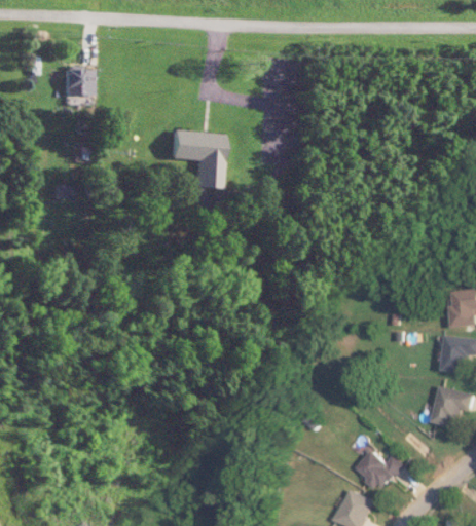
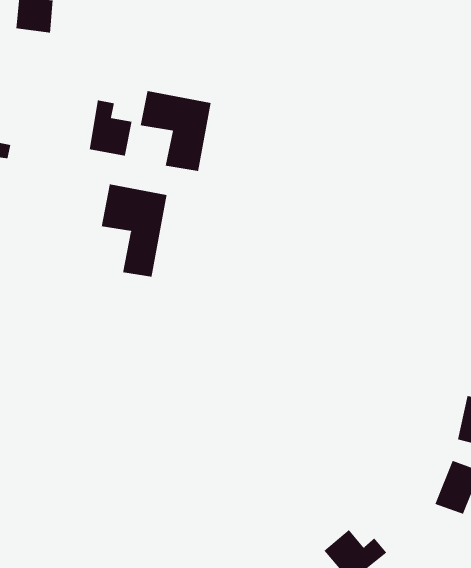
building: none -> [89,100,132,156]
building: none -> [101,184,167,278]

